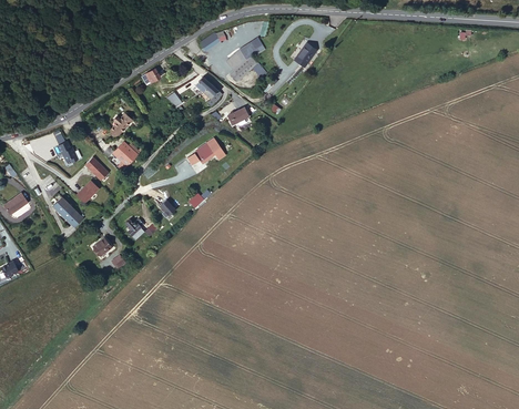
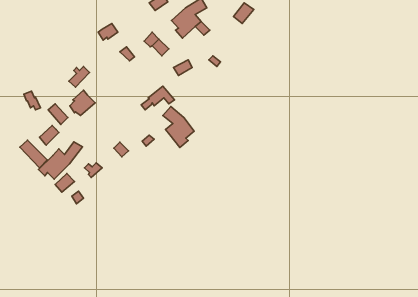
building: none -> [163,107,194,147]
building: none -> [38,142,83,179]

